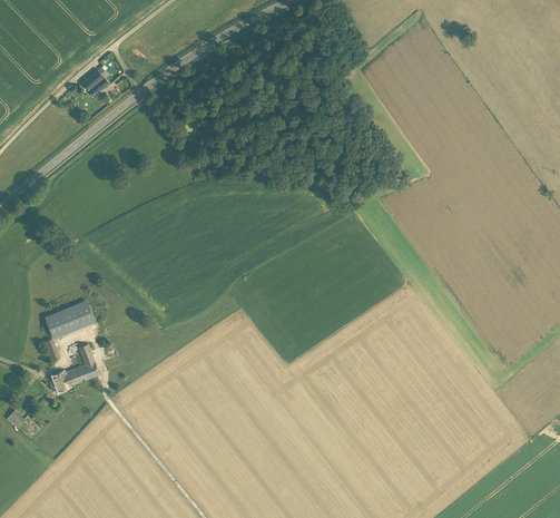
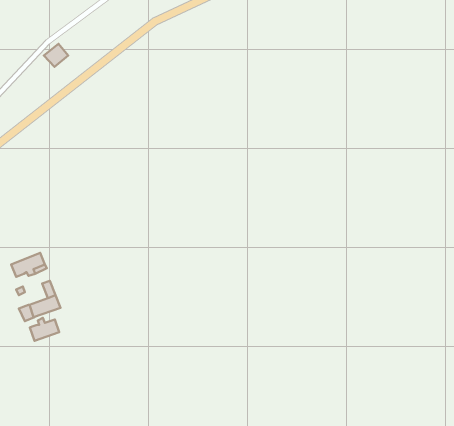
building: none -> [30,318,59,341]

